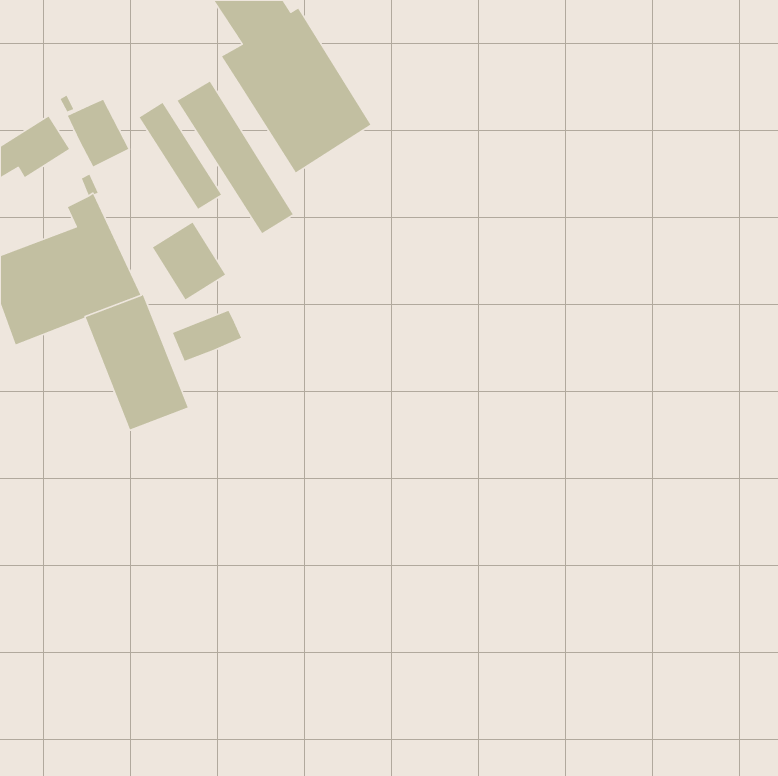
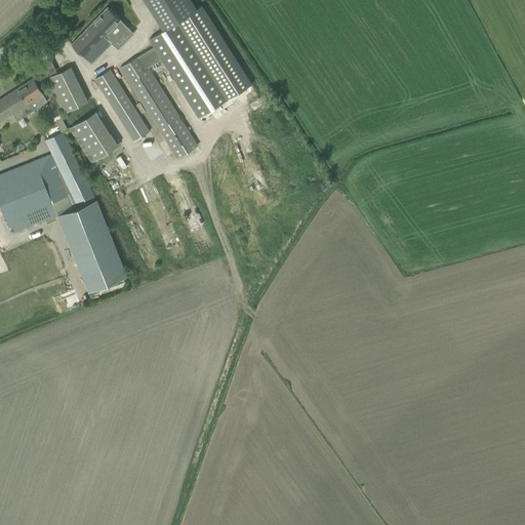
building: none -> [71,7,127,64]
building: [152,221,226,301] -> [69,110,119,163]
building: [172,310,242,362] -> none

